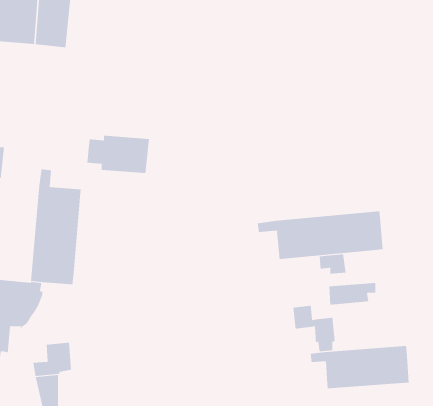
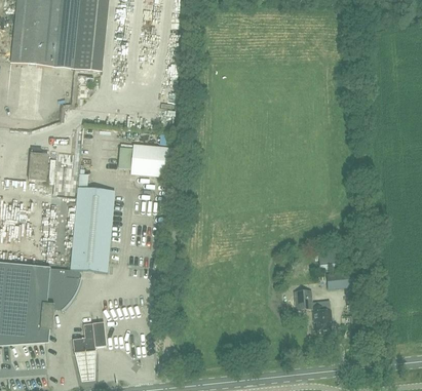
building: [257,210,383,260] -> none
building: [310,345,409,389] -> none

